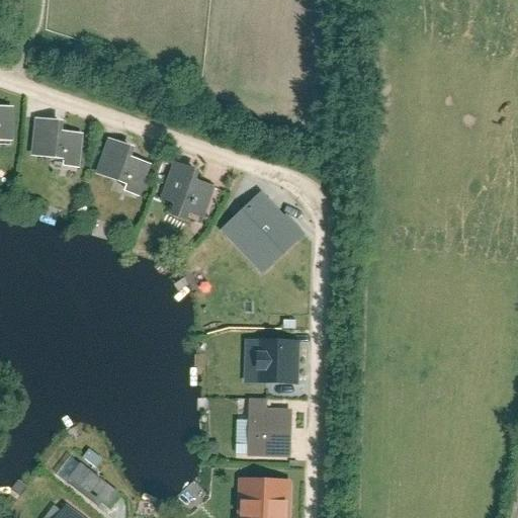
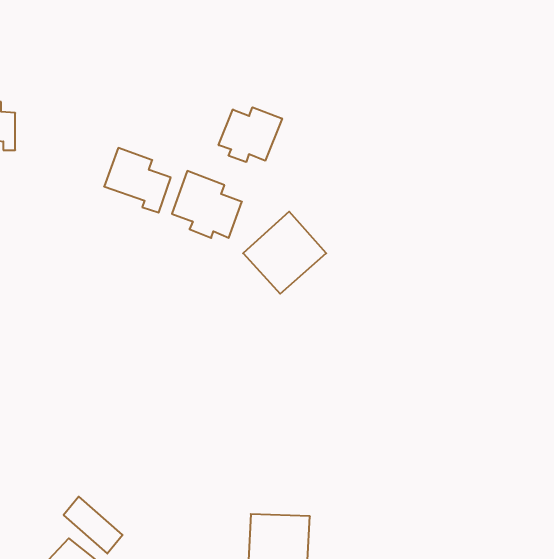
building: none -> [219,107,282,162]
building: [34,119,83,165] -> none
building: [247,343,297,381] -> none
building: [241,406,286,454] -> none

